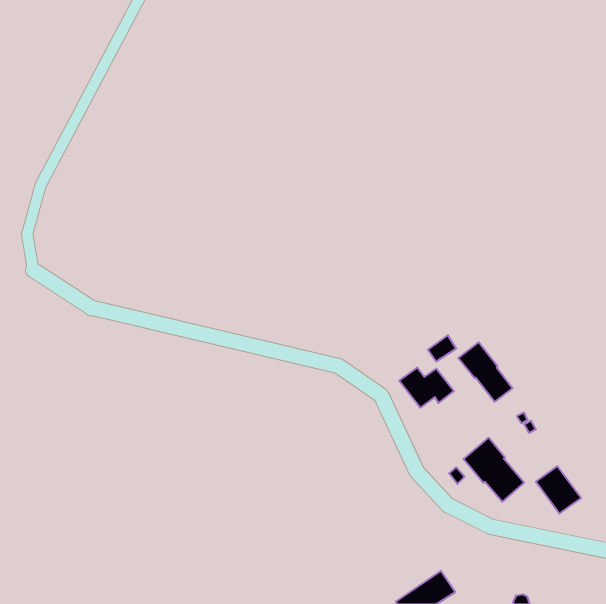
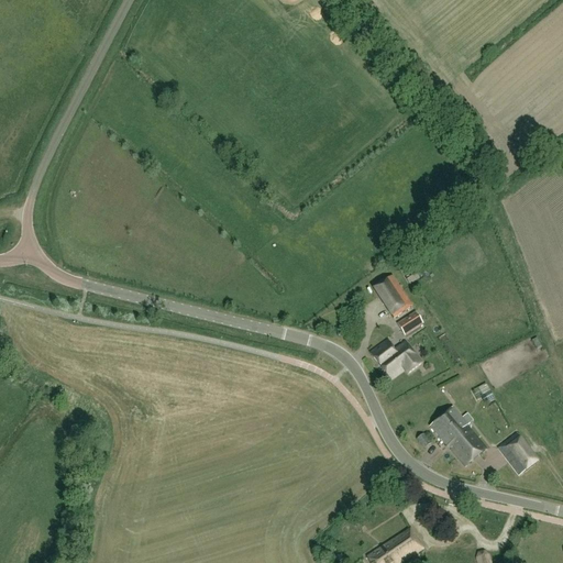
building: none -> [371,274,411,317]
building: [458,342,513,402] -> none

